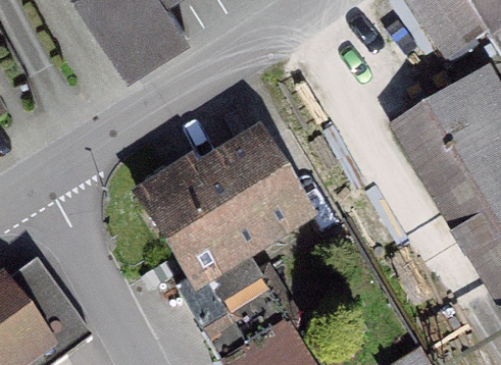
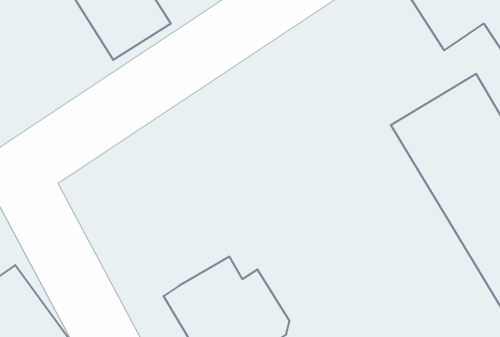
building: [135,143,301,279] -> none

